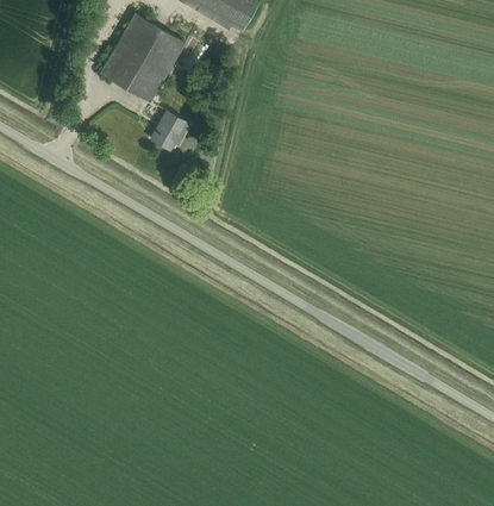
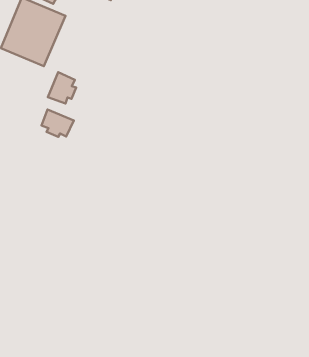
building: none -> [41,110,74,137]

